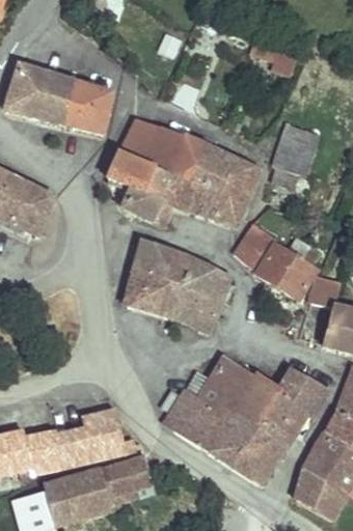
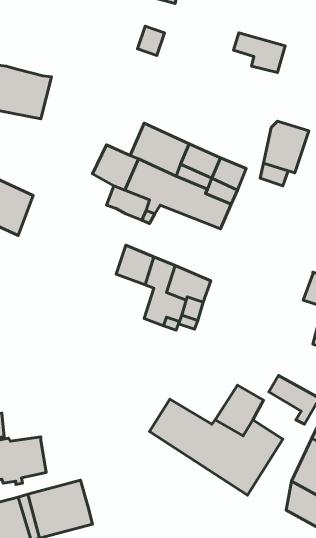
building: [60,82,111,132] -> none
building: [124,117,160,158] -> none
building: [243,213,318,290] -> none
building: [124,272,169,314] -> none
building: [185,361,250,416] -> none
building: [265,385,311,430] -> none
building: [60,411,134,463] -> none
building: [99,457,153,496] -> none

